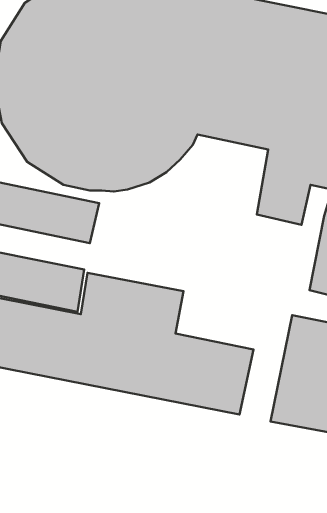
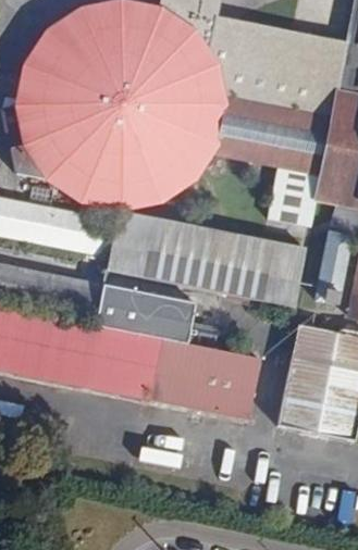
building: none -> [107,211,306,308]

